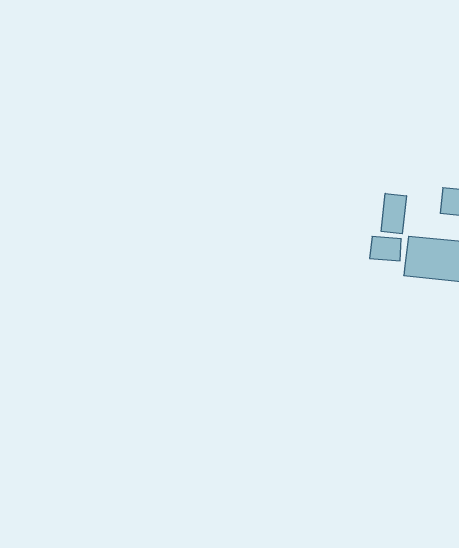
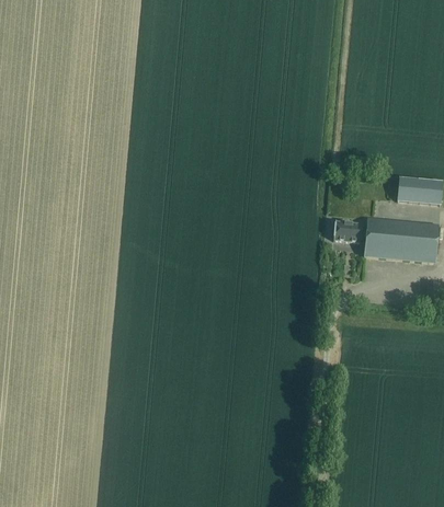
building: [381,193,406,234] -> none

